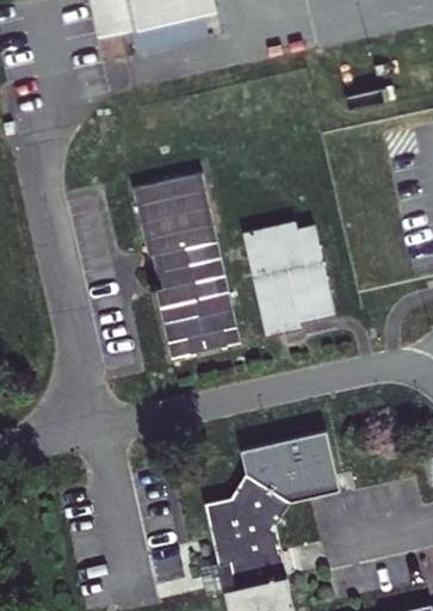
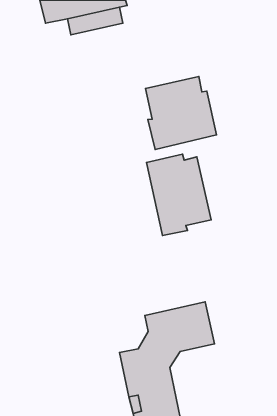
building: none -> [145,76,217,150]
building: [134,173,240,358] -> none

